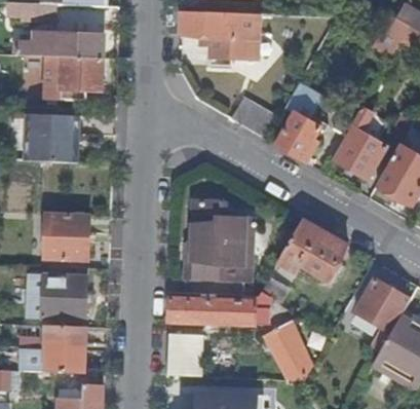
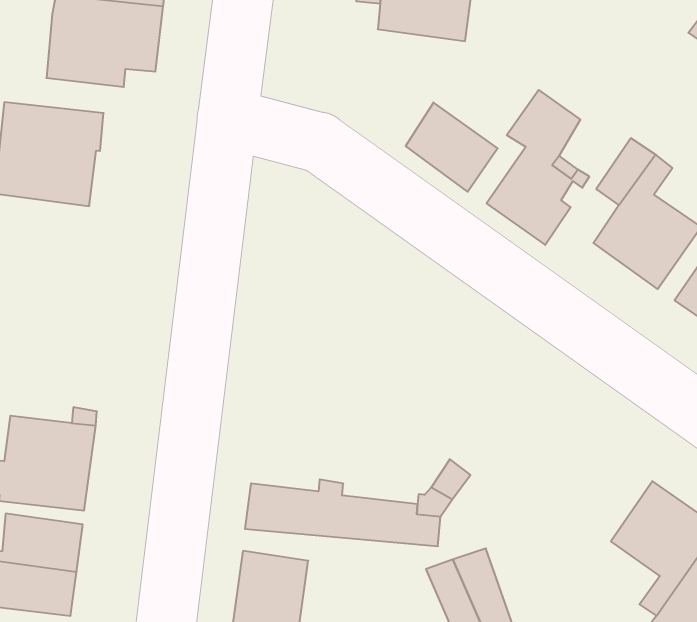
building: [184,209,252,295] -> none
building: [43,215,89,260] -> none
building: [278,219,347,280] -> none

